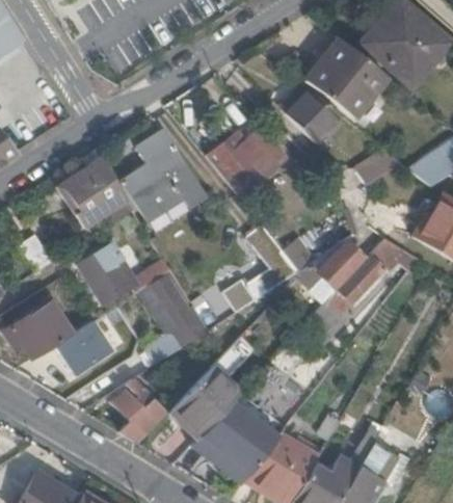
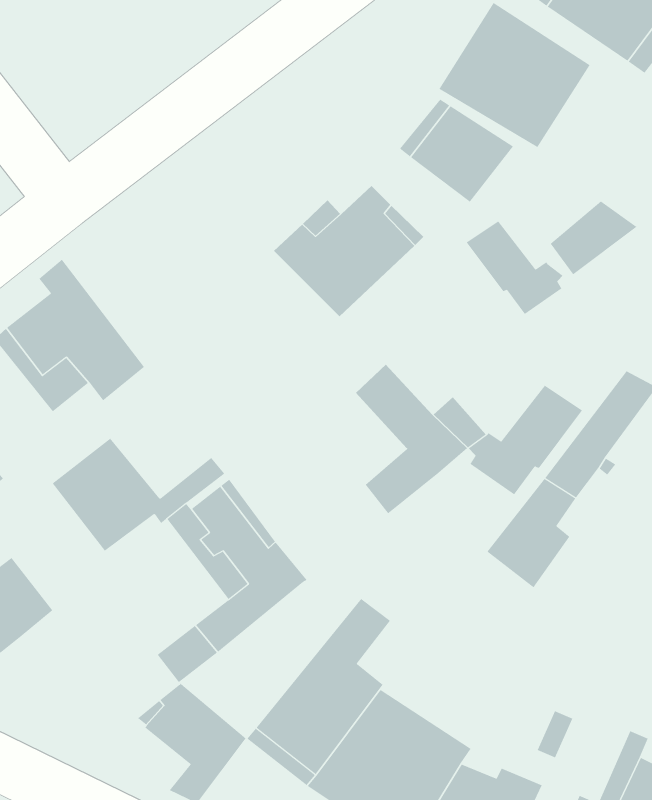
building: [123,131,205,219] -> none
building: none -> [466,221,564,315]
building: [54,320,111,375] -> none

